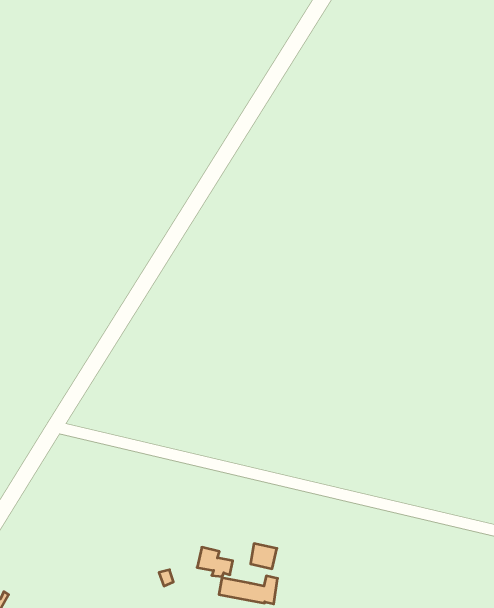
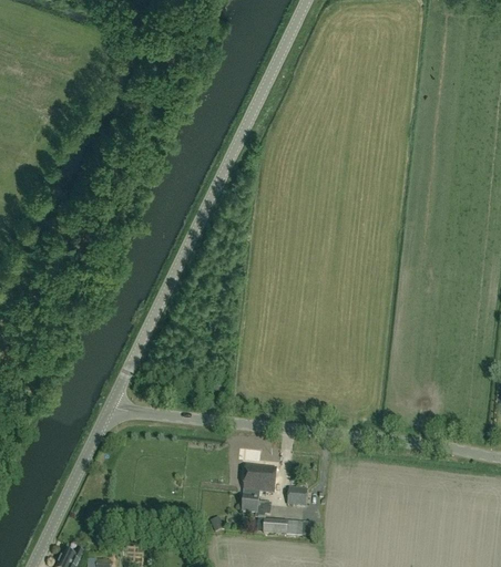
building: none -> [244,463,277,492]

